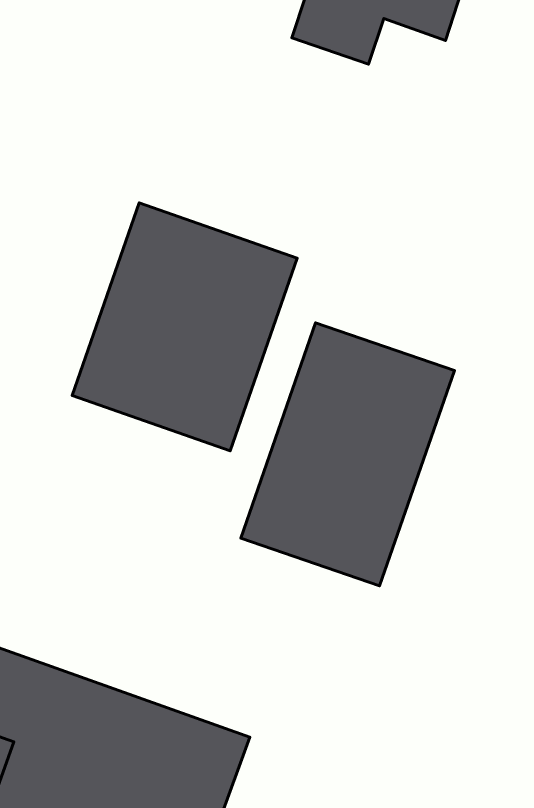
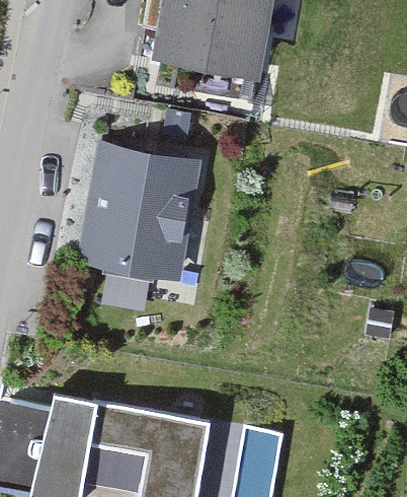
building: [241,323,454,586] -> none

